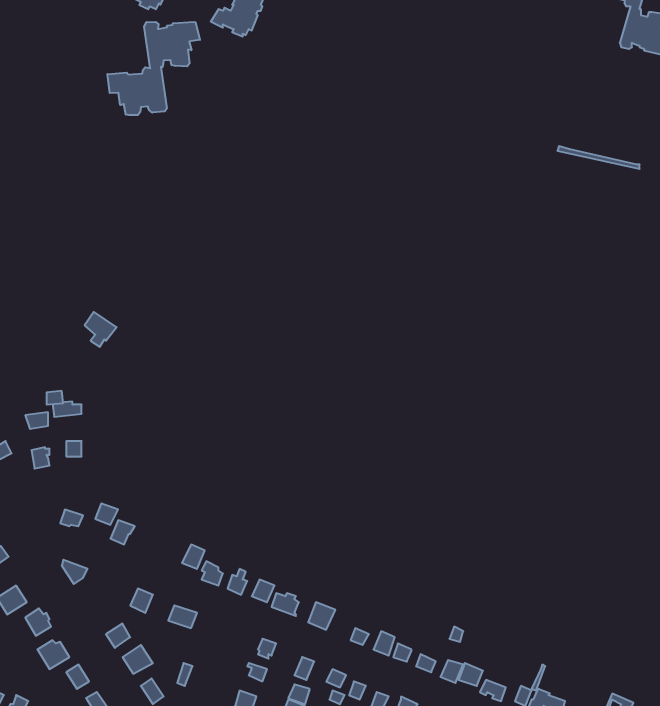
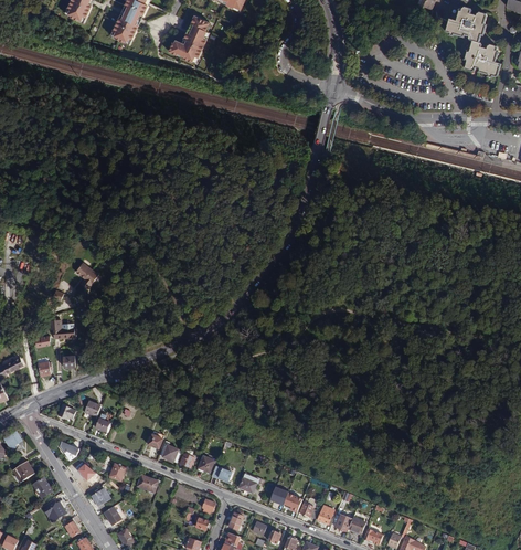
building: [107,22,200,115] -> none

